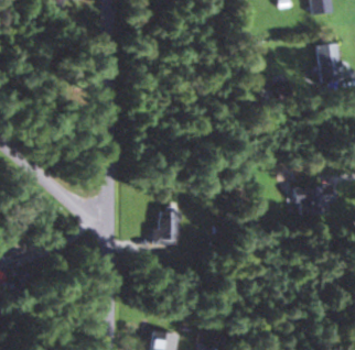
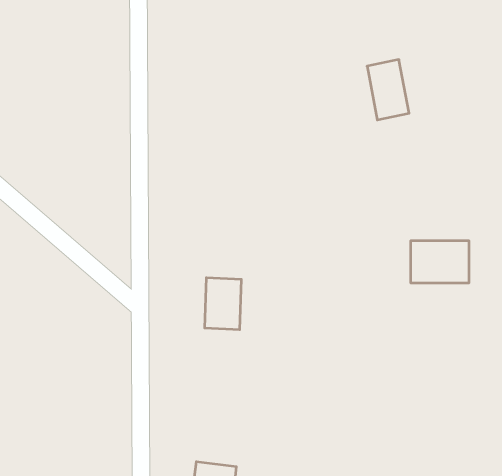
building: [315,42,343,81] -> [367,60,409,120]

